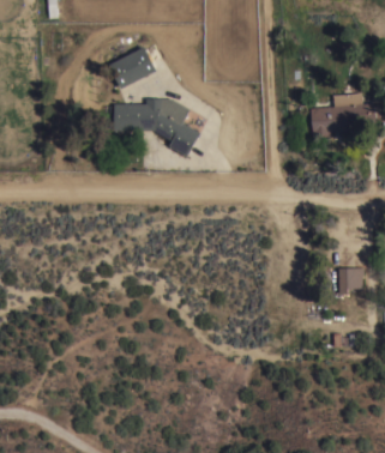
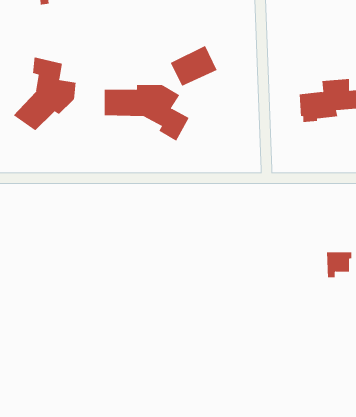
building: [109,46,157,87] -> [170,45,217,87]
building: none -> [13,57,76,131]

